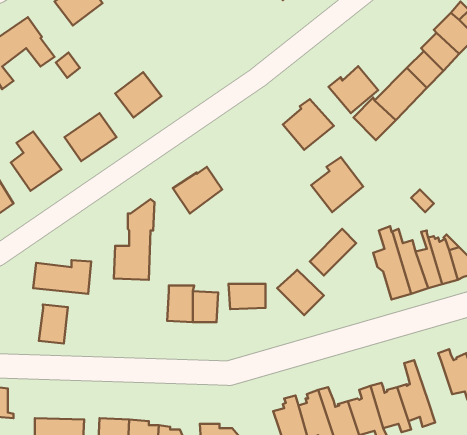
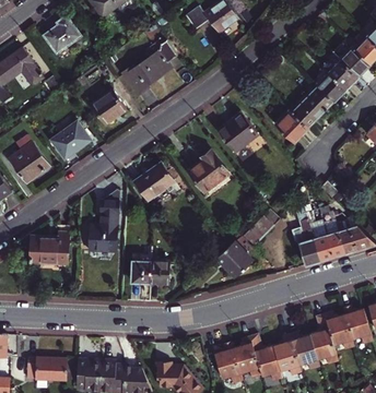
building: none -> [124,43,177,95]
building: [328,66,378,113] -> none
building: [311,157,363,212] -> [188,150,228,192]
building: [228,284,266,309] -> none
building: [39,305,68,343] -> none
building: none -> [321,310,353,349]

